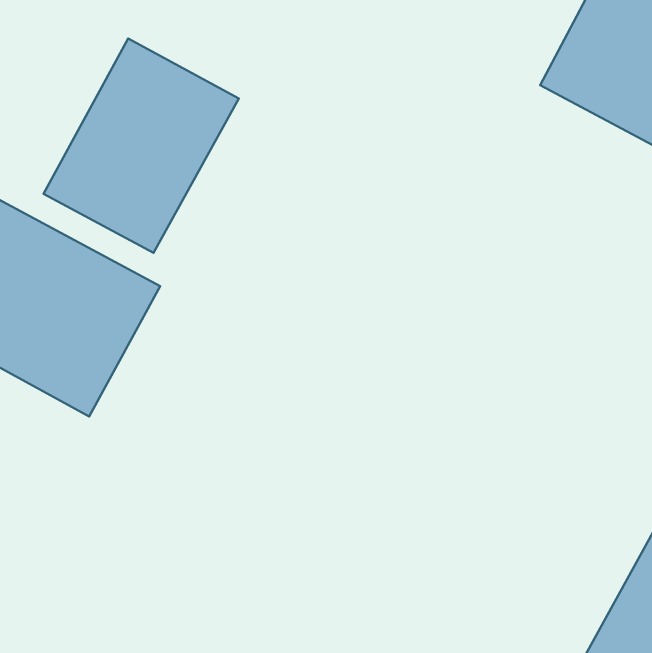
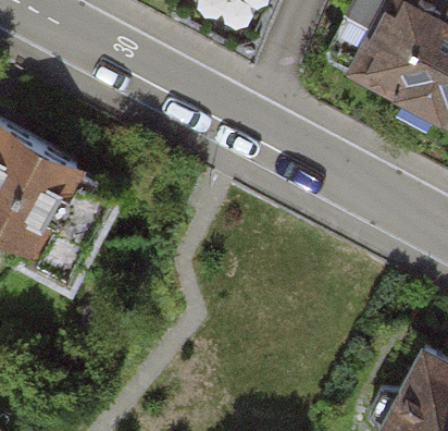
building: [43,38,239,253] -> none

